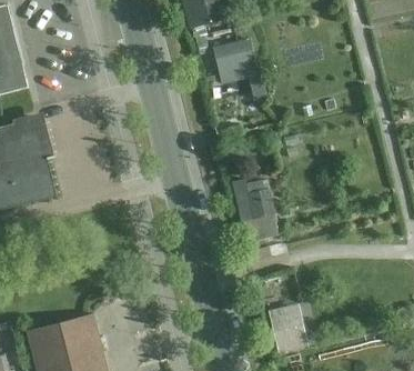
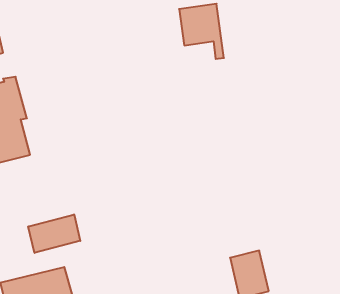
building: [238,172,275,235] -> none
building: none -> [28,214,80,253]

